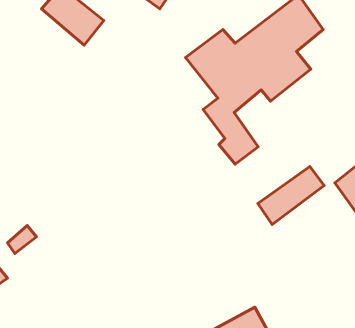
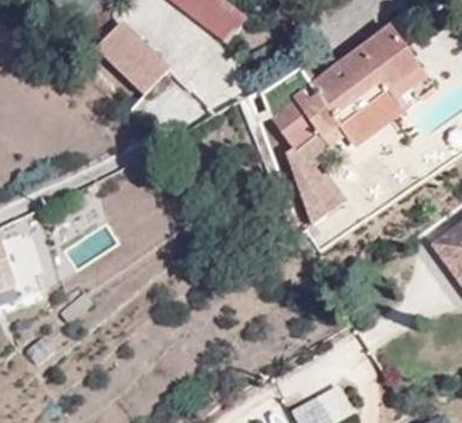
building: [258,166,324,225] -> none

